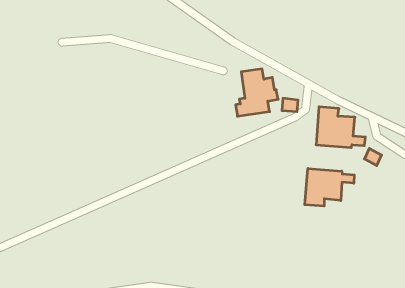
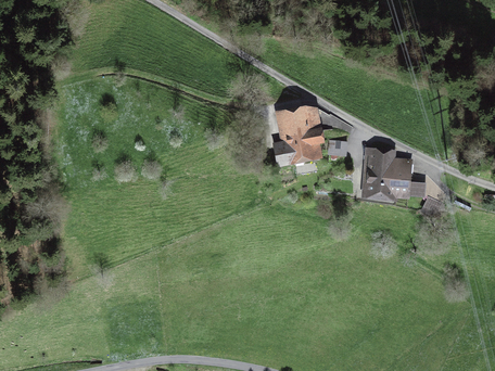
building: [305,168,354,206] -> none

